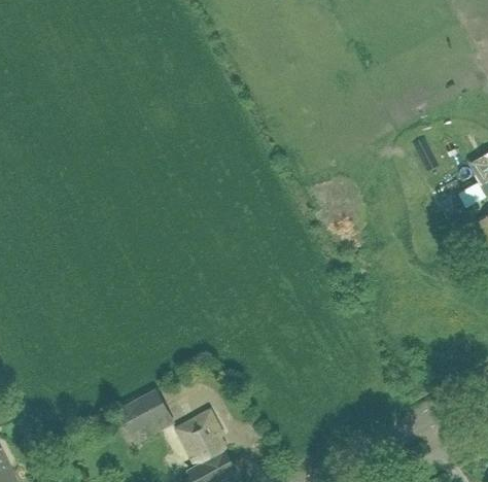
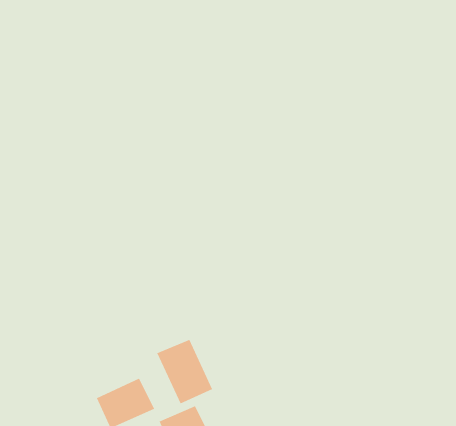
building: none -> [156,339,213,405]

